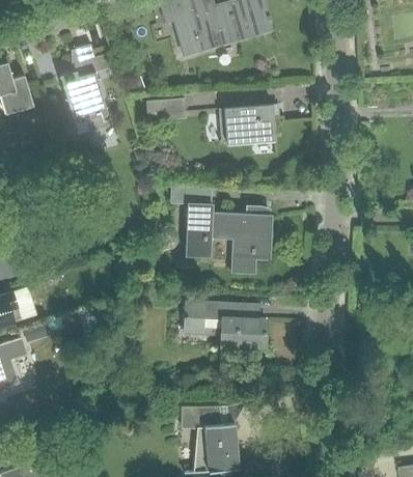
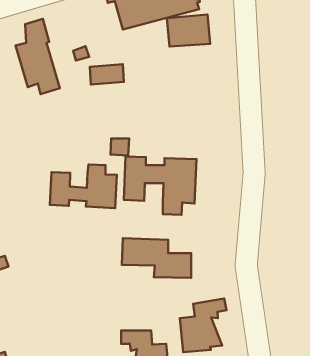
building: [225,106,276,143] -> [167,14,210,46]
building: none -> [50,164,117,208]
building: none -> [180,298,226,352]

